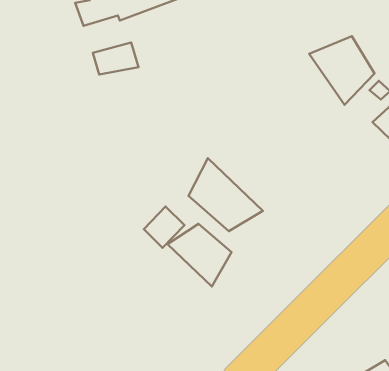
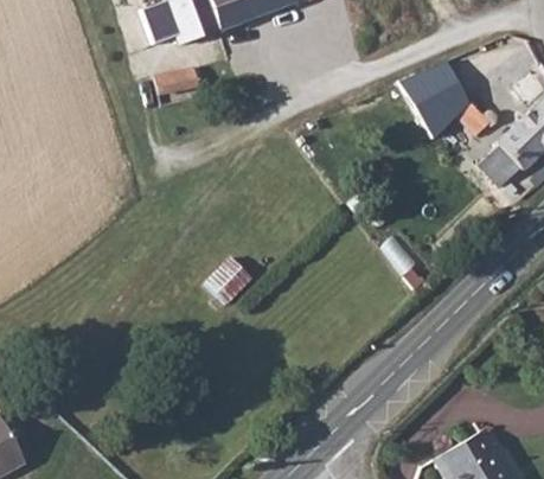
building: [189,158,263,231] -> none
building: [167,224,231,286] -> none

